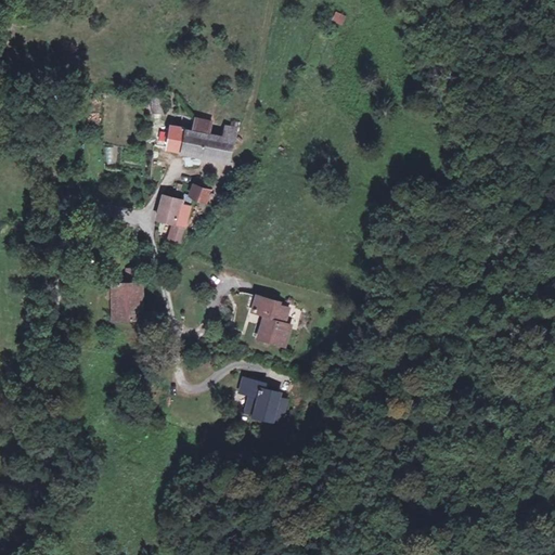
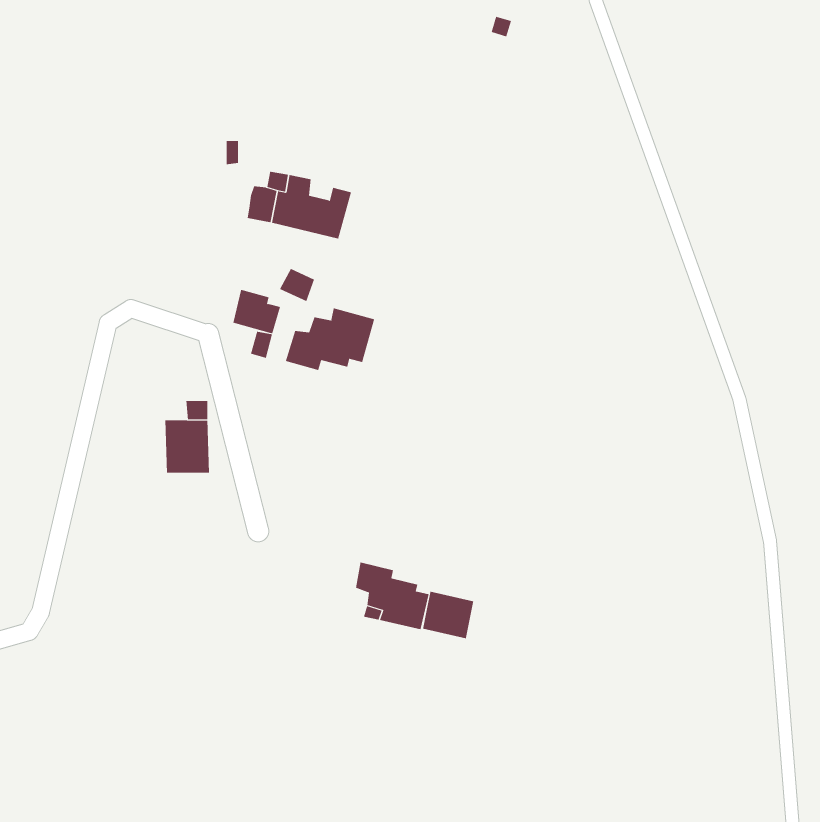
building: none -> [285,307,375,371]
building: [254,292,291,345] -> none
building: none -> [422,591,474,639]

